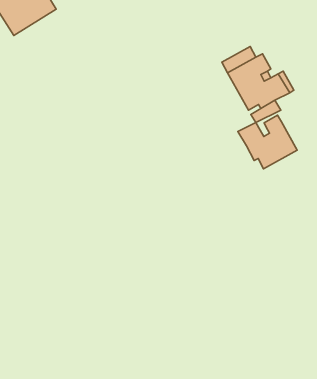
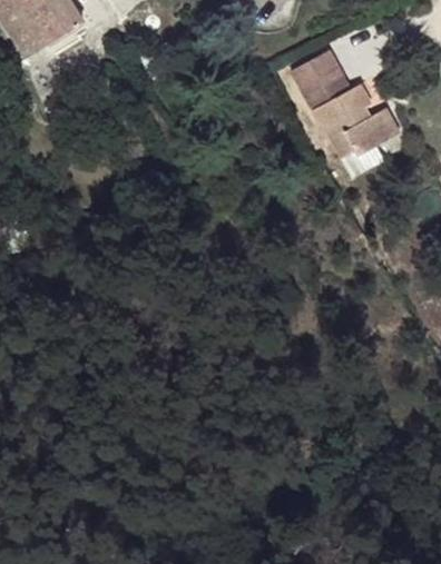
building: none -> [291,48,342,93]
building: [238,115,297,169] -> none

